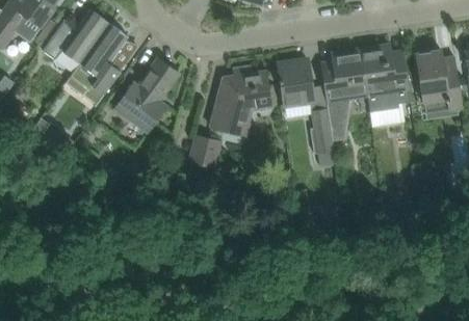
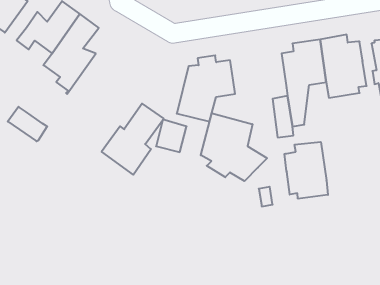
building: [113,58,179,133] -> [102,104,164,175]
building: [278,60,313,105] -> none
building: none -> [201,113,267,181]
building: none -> [284,142,328,199]

